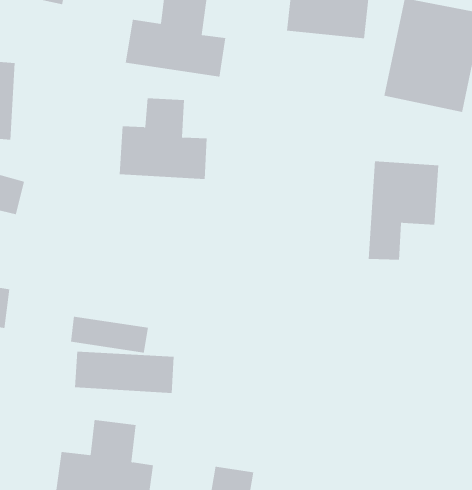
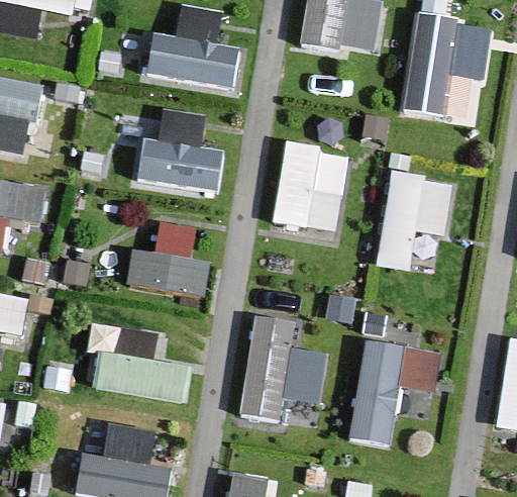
building: none -> [276,144,347,231]
building: none -> [128,221,210,296]
building: none -> [239,311,329,420]
building: none -> [353,340,437,443]

